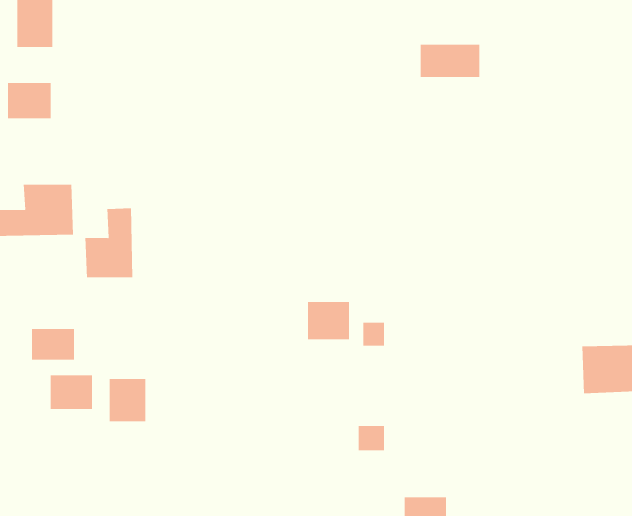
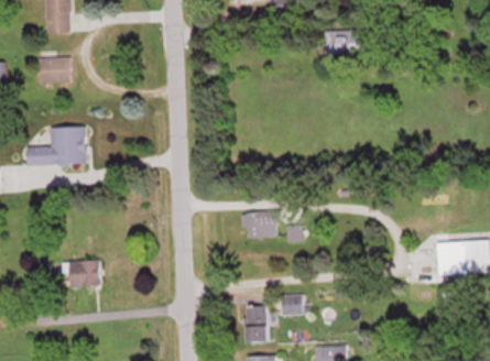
building: [85,208,133,278] -> none
building: [31,328,74,360] -> none
building: [109,378,146,422] -> none
building: none -> [247,306,266,342]

